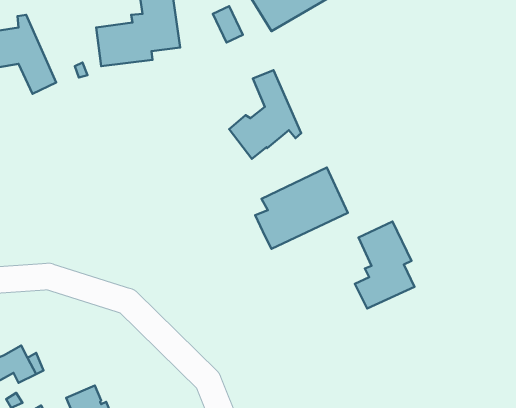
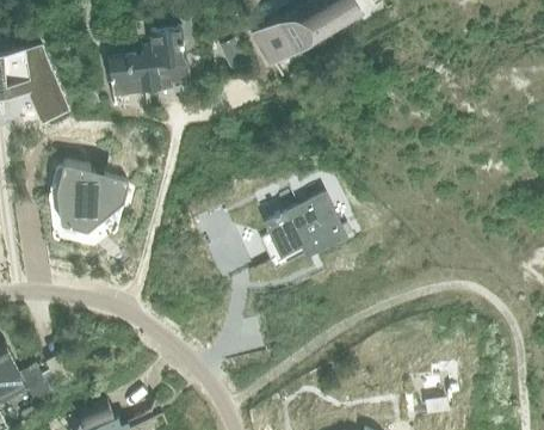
building: [229,70,301,159] -> none
building: none -> [49,162,123,228]
building: [355,221,414,309] -> none

